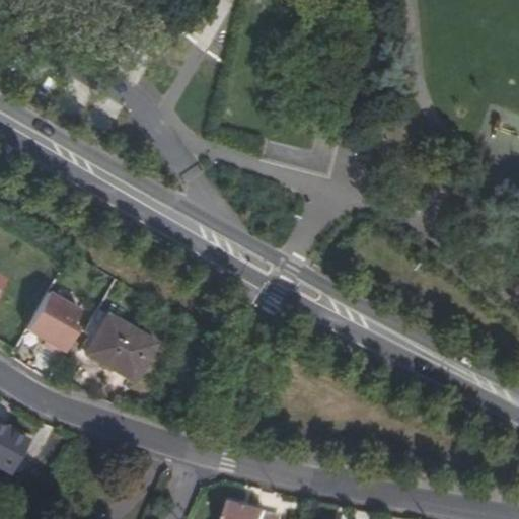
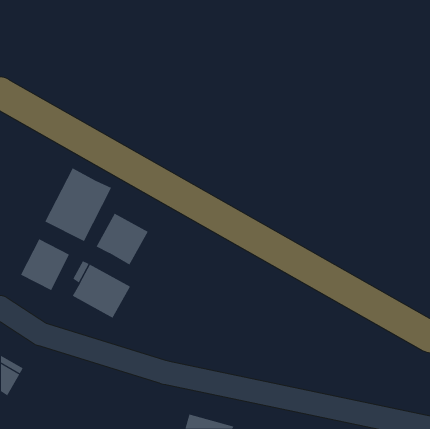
building: none -> [45,167,112,242]
building: none -> [96,213,148,266]

